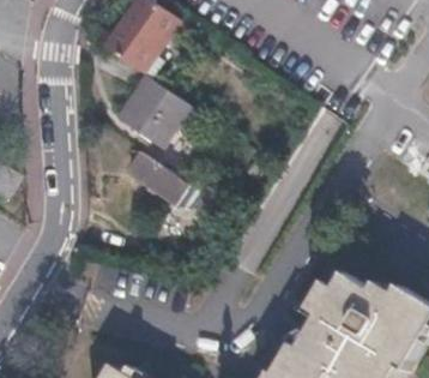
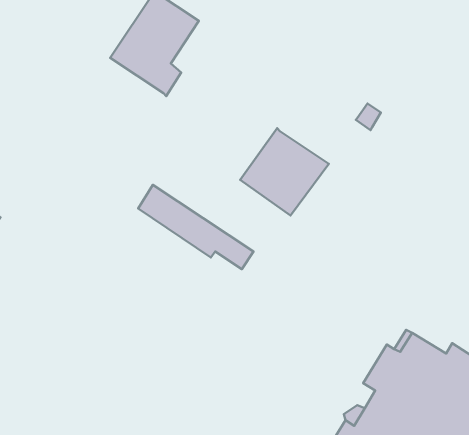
building: [115,77,187,148] -> [240,128,329,215]

